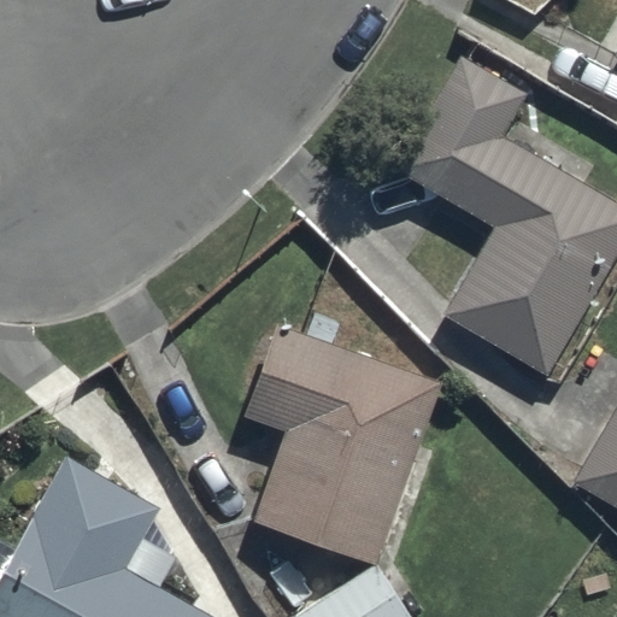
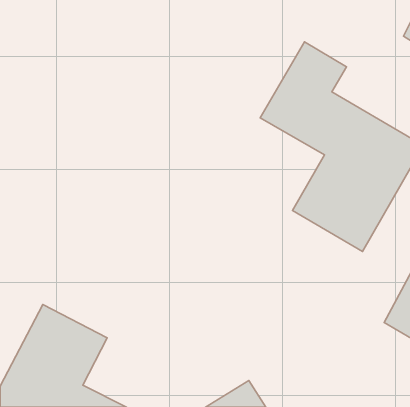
building: [243,315,440,564] -> none

